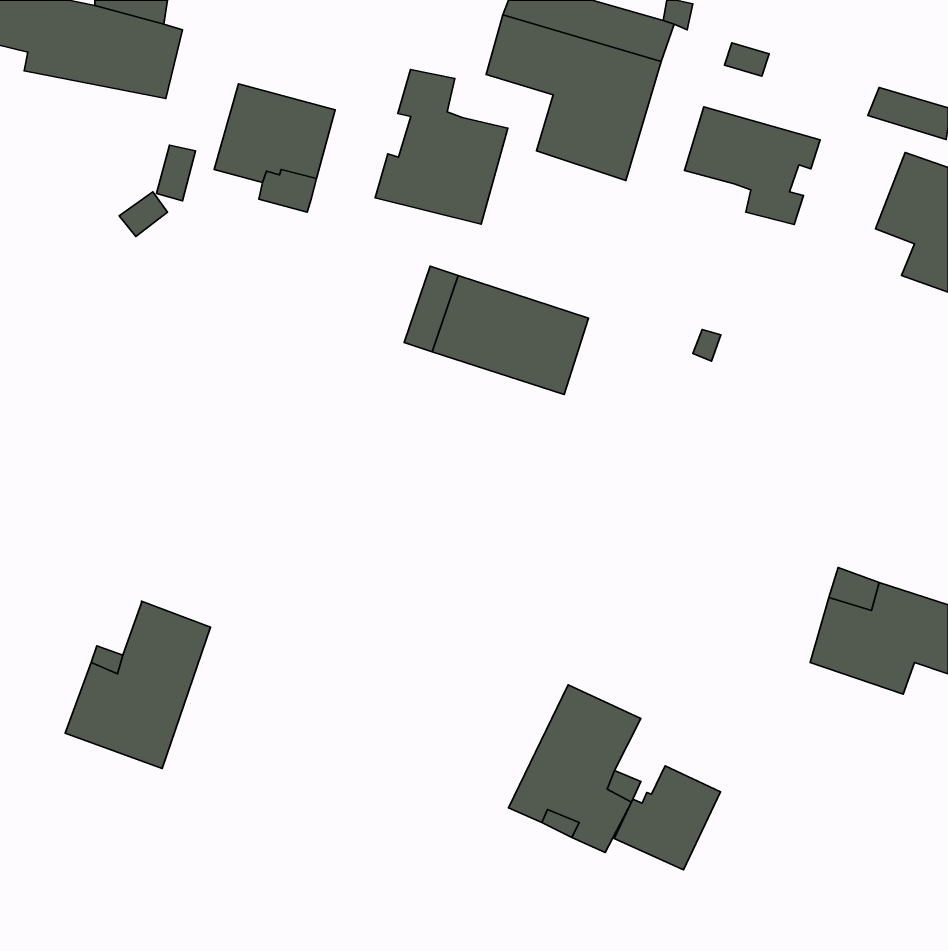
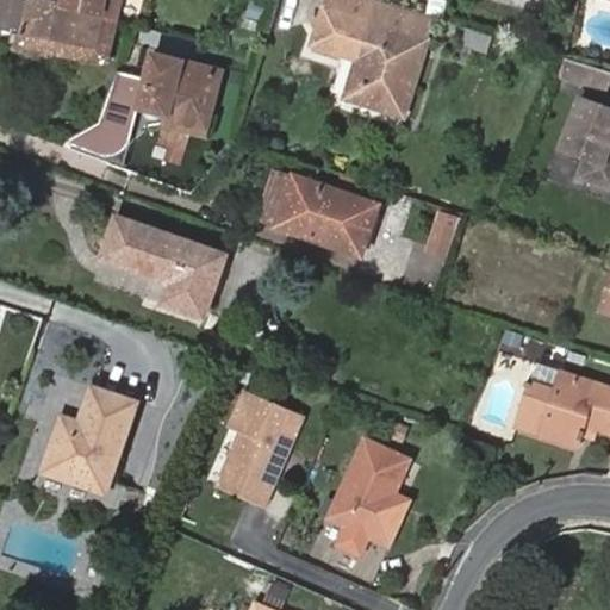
building: [375,69,508,224] -> none
building: [685,107,820,225] -> none
building: none -> [100,217,225,317]
building: none -> [228,390,309,506]
building: [614,766,720,870] -> none

